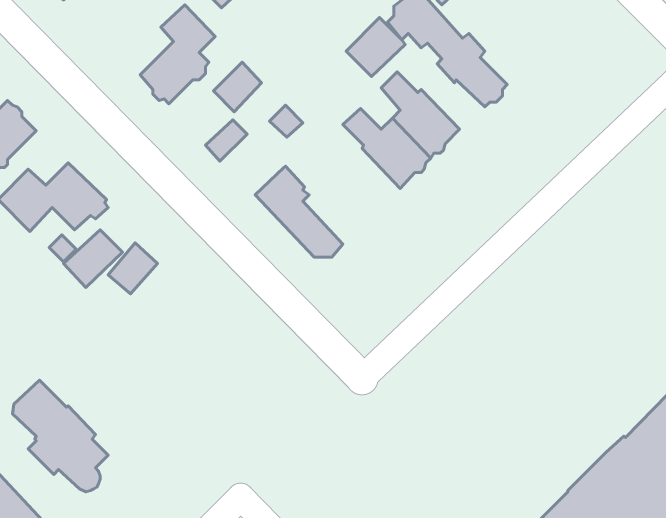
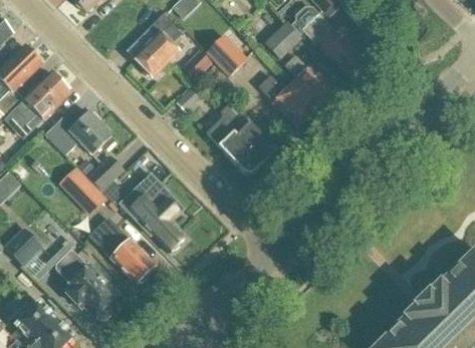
building: none -> [205,33,247,75]
building: none -> [221,101,276,162]
building: none -> [68,175,105,211]
building: none -> [130,186,184,251]
building: none -> [99,231,156,282]

